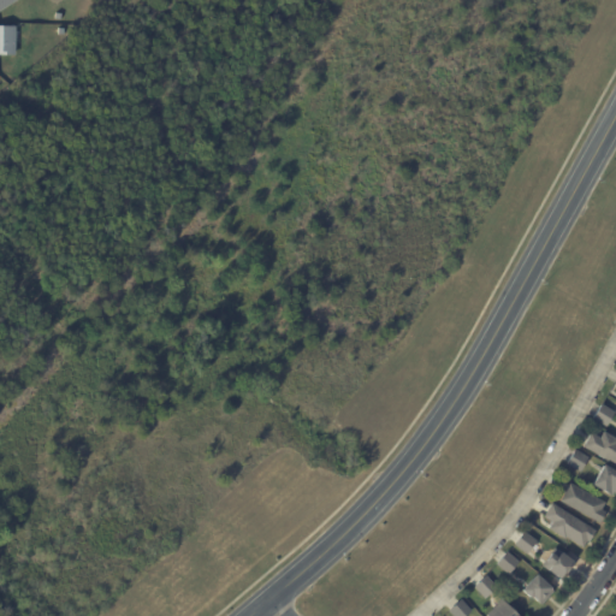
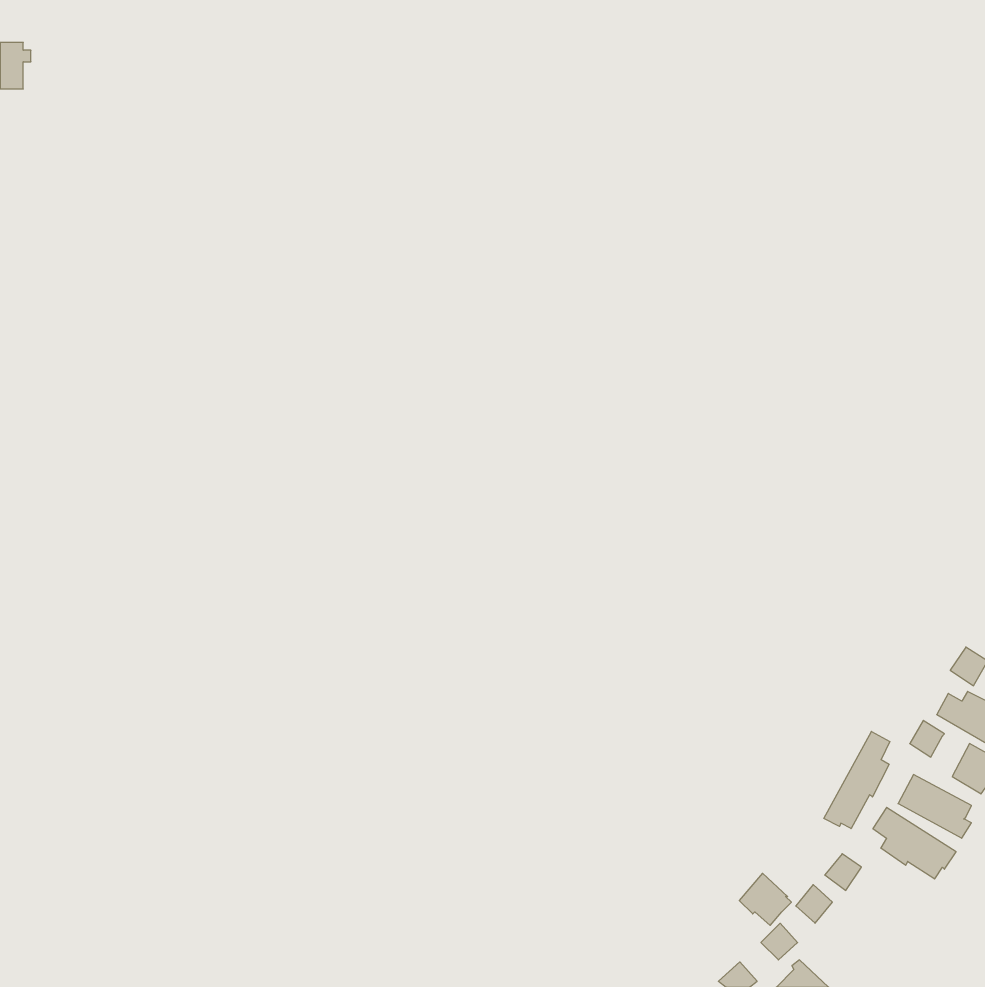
building: none -> [824,731,890,829]
building: [543,547,576,579] -> none
building: [523,573,556,605] -> [739,873,791,925]

